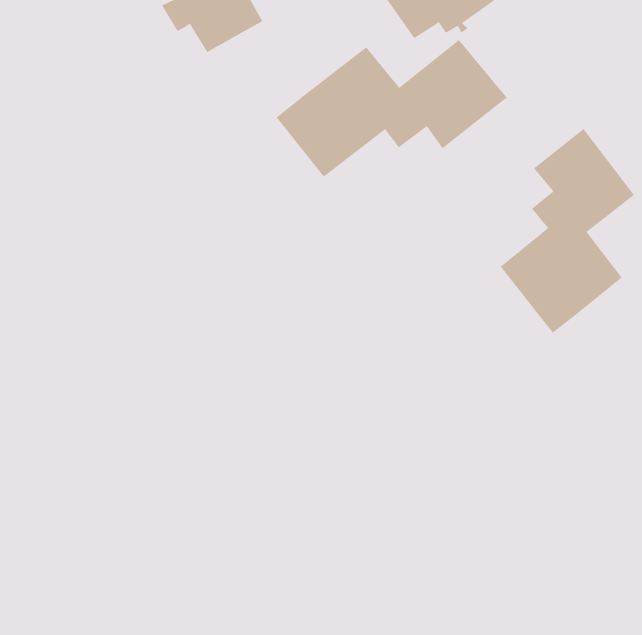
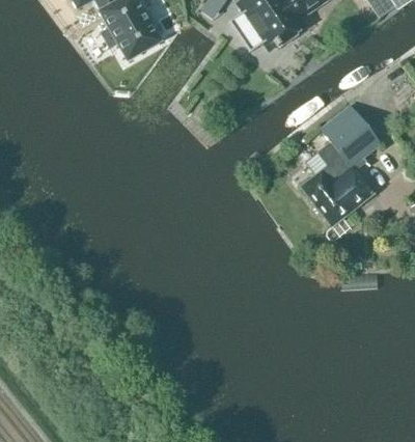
building: [276,39,507,178] -> none

